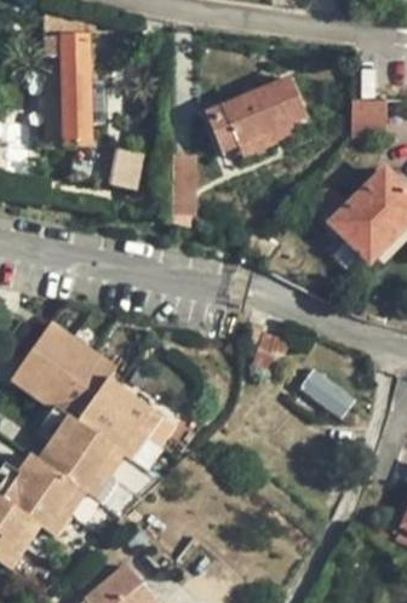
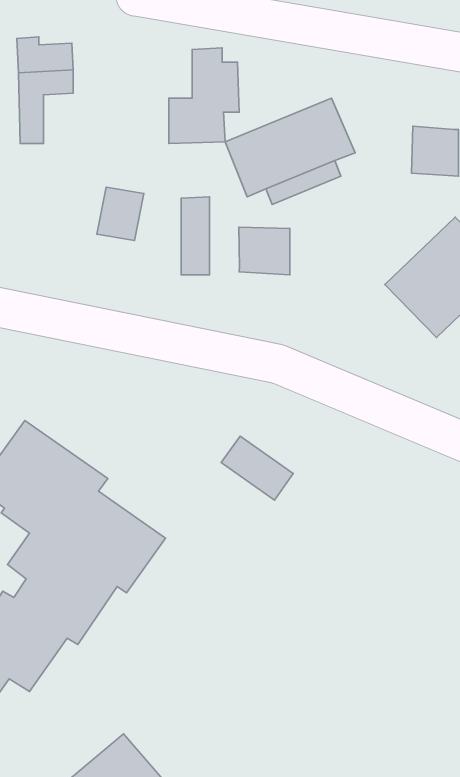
building: [48,73,103,147] -> [169,48,239,143]
building: none -> [239,227,290,275]
building: [299,366,355,415] -> [221,436,293,500]

